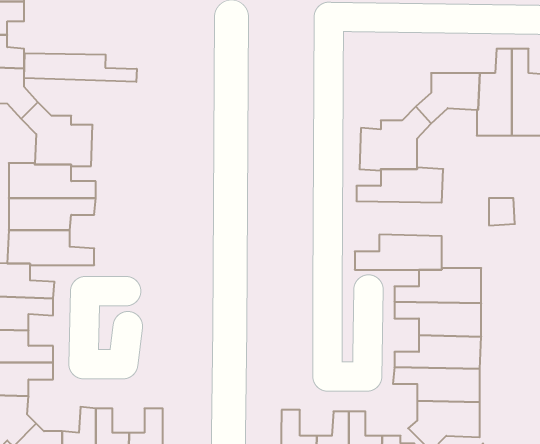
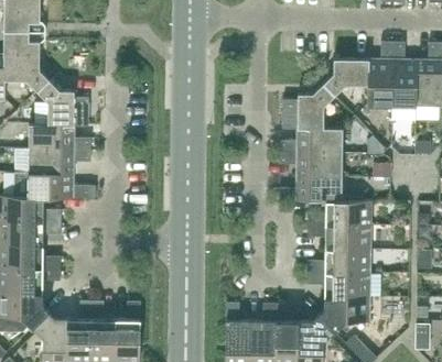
building: [24,53,137,82] -> none
building: none -> [279,152,342,177]

